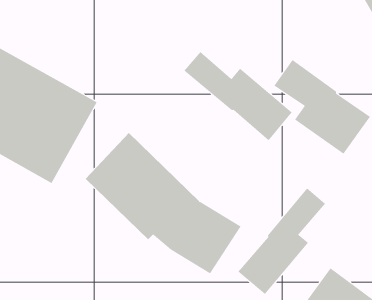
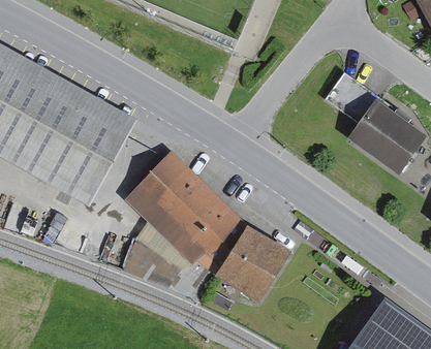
building: [184,51,293,141] -> none
building: [237,188,326,295] -> none

